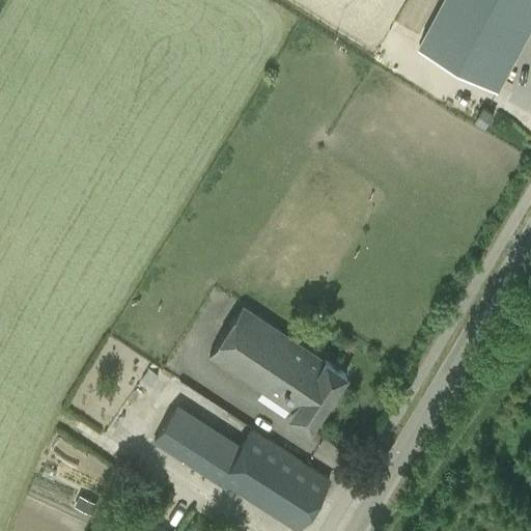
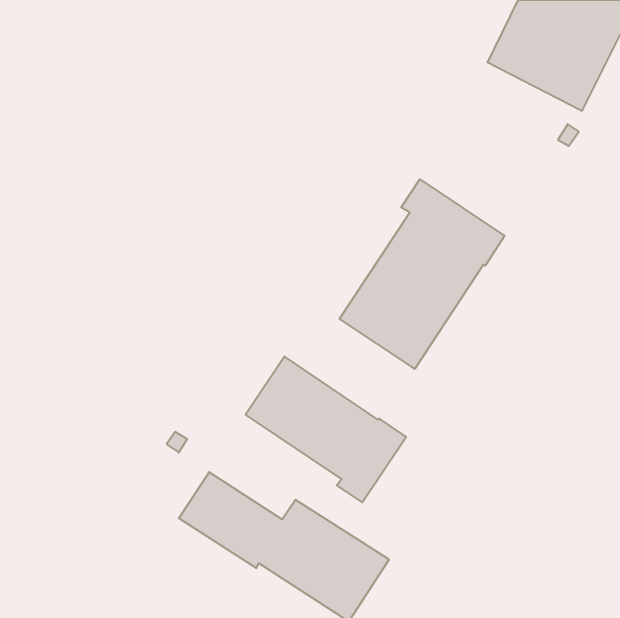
building: none -> [340,179,504,369]

